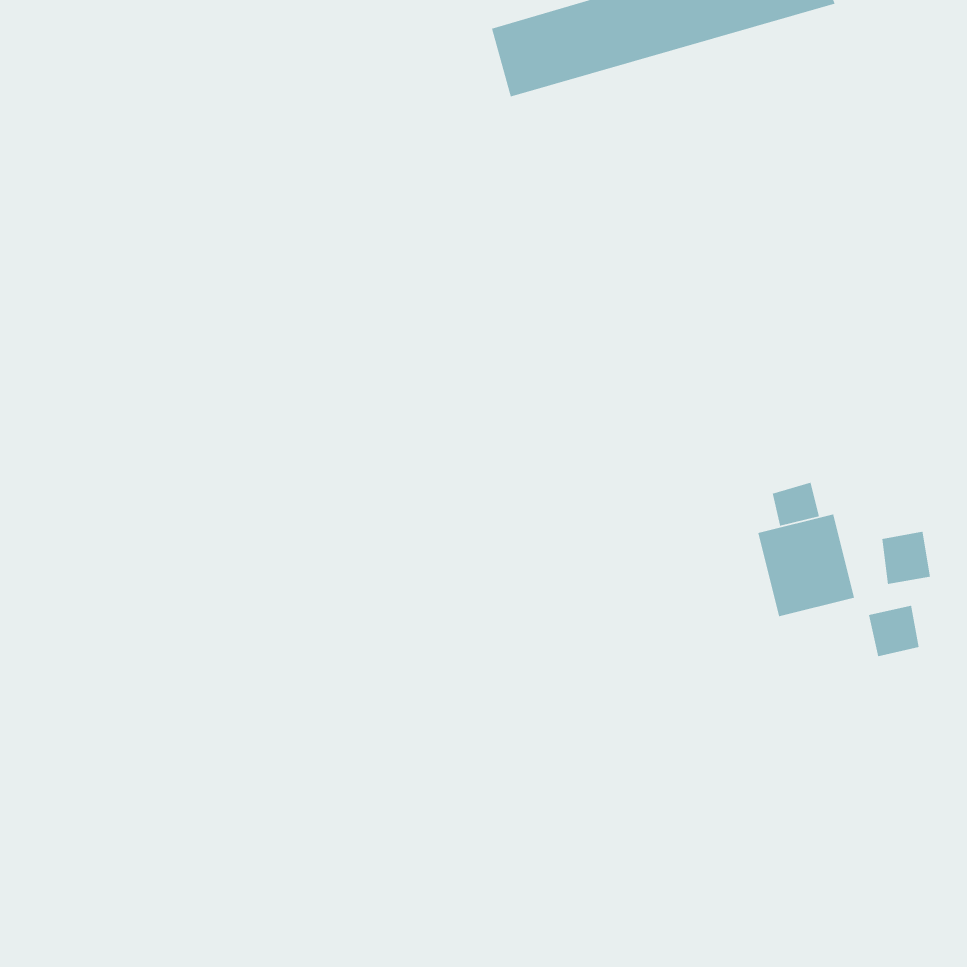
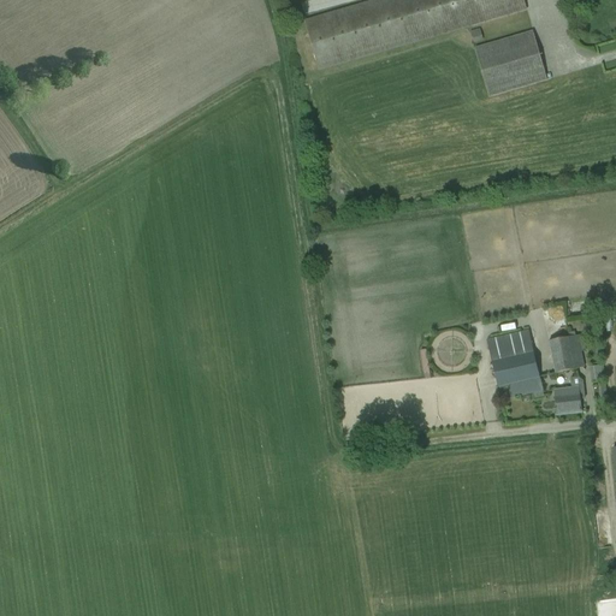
building: none -> [481,34,544,90]
building: [772,482,819,527] -> none

